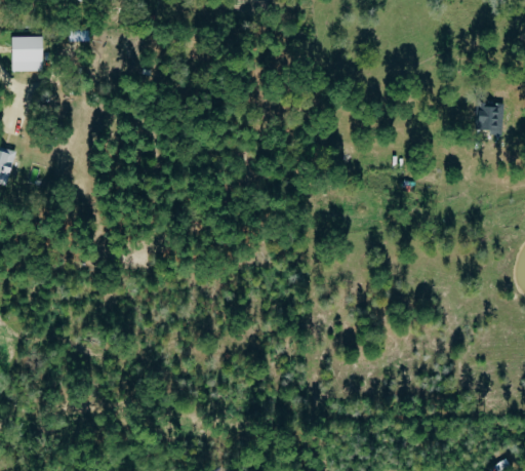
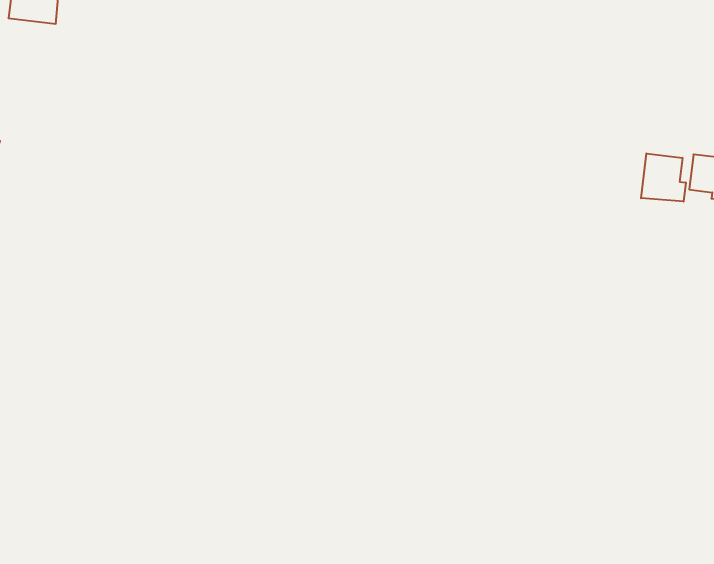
building: none -> [641,153,686,202]

